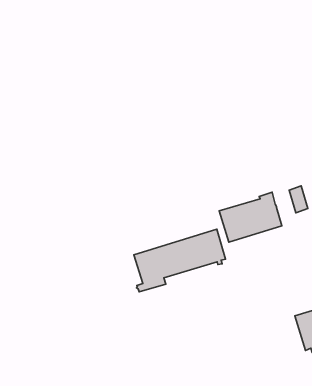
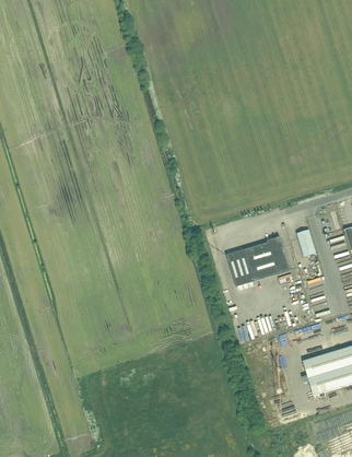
building: [134,229,226,292] -> none

